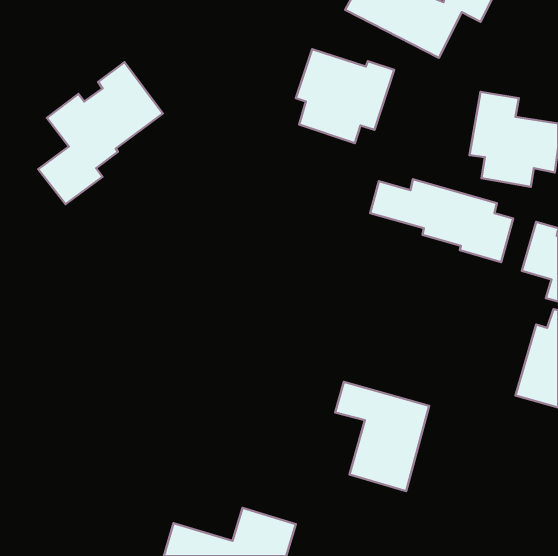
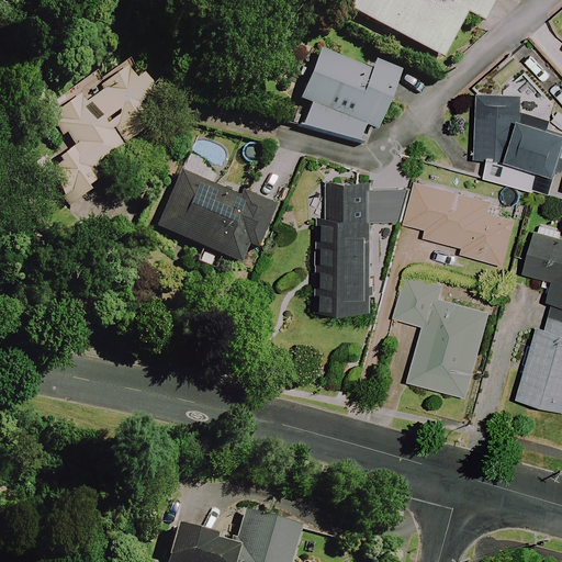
building: none -> [155,171,272,263]
building: none -> [317,177,373,310]
building: [335,382,429,491] -> [396,286,491,396]

